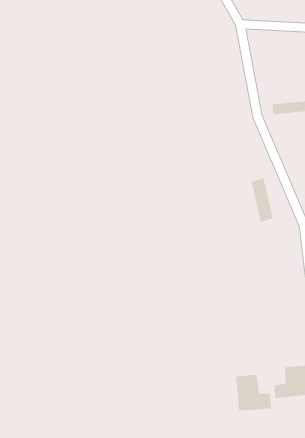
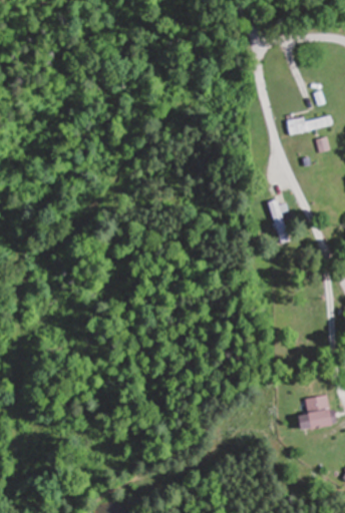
building: [235,374,272,412] -> none

